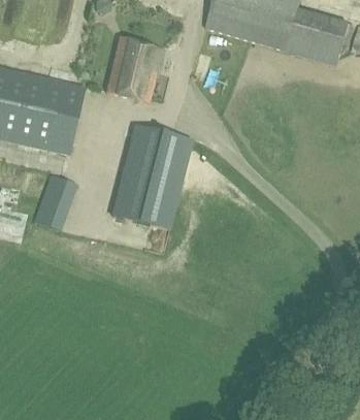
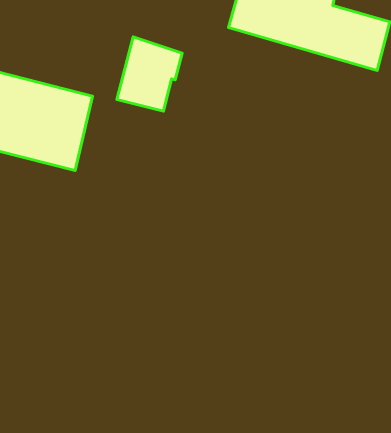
building: [112,124,192,229] -> none
building: [33,173,78,230] -> none

